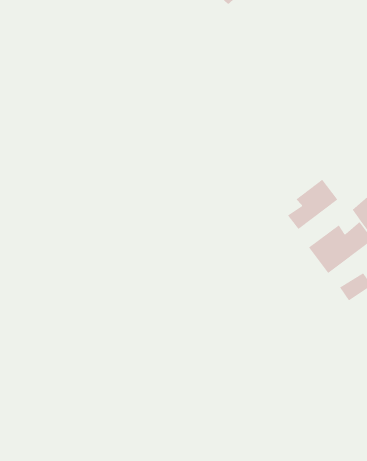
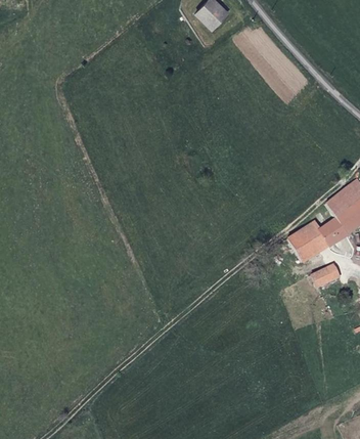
building: [287,179,338,230] -> none

